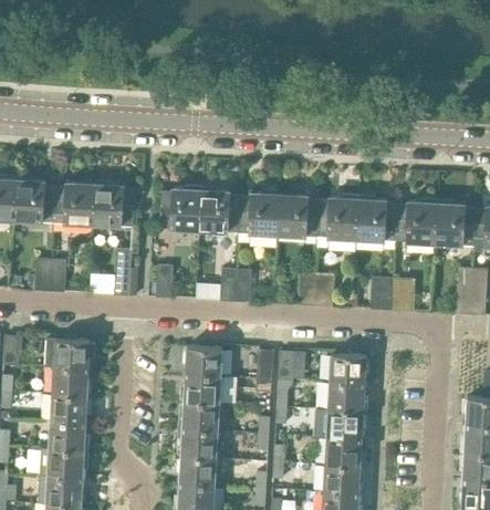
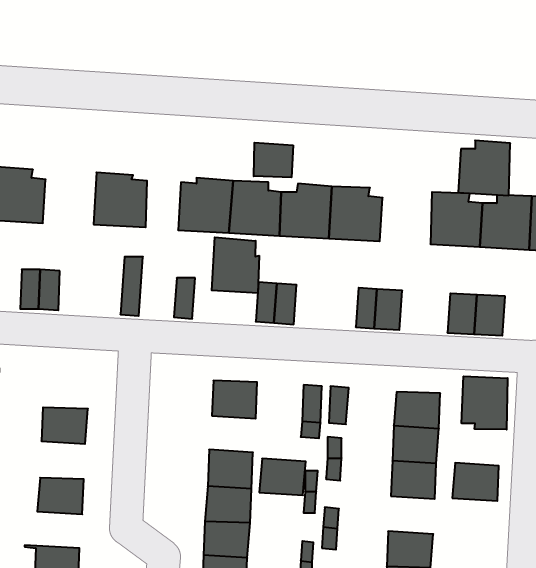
building: none -> [254,143,293,177]
building: [53,183,95,225] -> none
building: [317,197,358,240] -> [458,140,510,195]
building: none -> [212,237,259,293]
building: [44,340,94,370] -> none
building: none -> [462,376,508,430]
building: [184,375,220,404] -> [259,459,306,495]
building: [51,395,86,425] -> none
building: [324,438,361,468] -> [452,463,499,501]
building: [39,450,84,479] -> none

